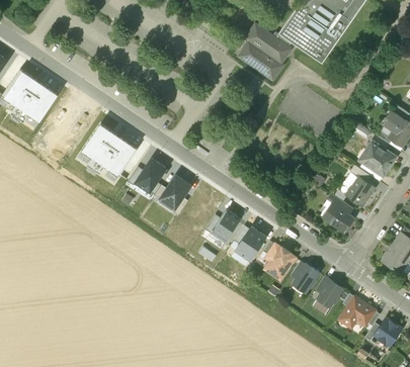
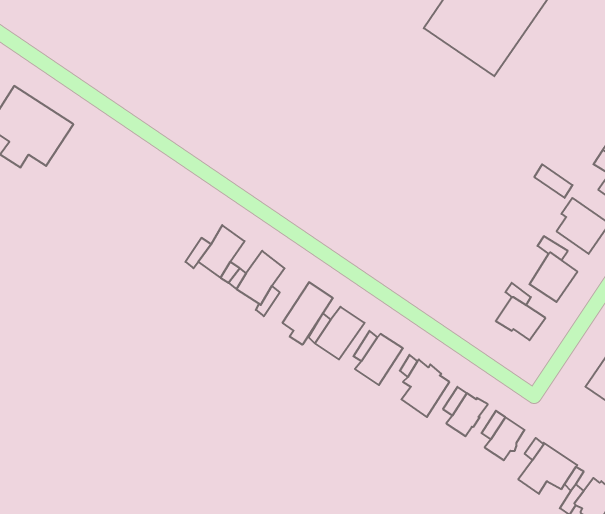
building: [239,23,292,80] -> none
building: [82,123,137,175] -> none
building: none -> [283,282,333,345]

